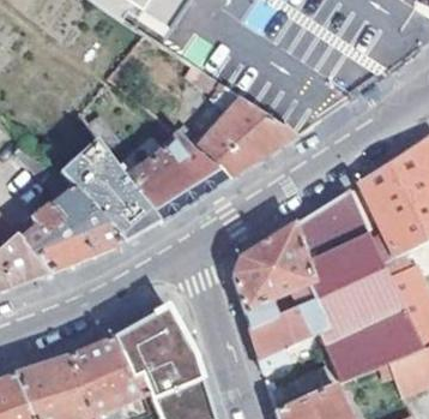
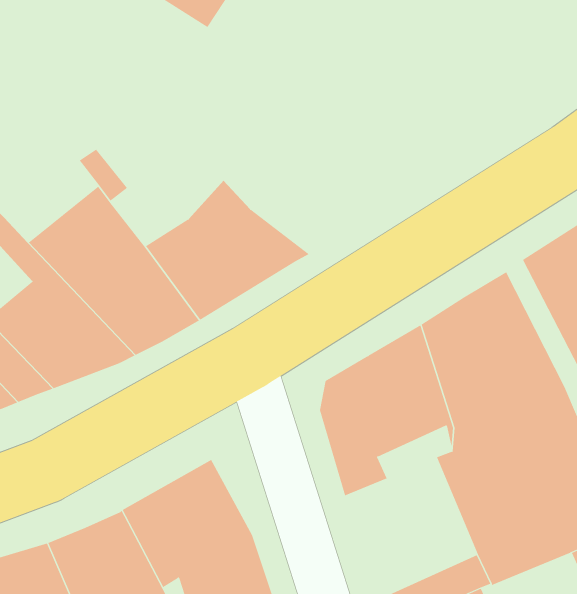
building: [173,66,295,179] -> none
building: [249,304,318,371] -> none

